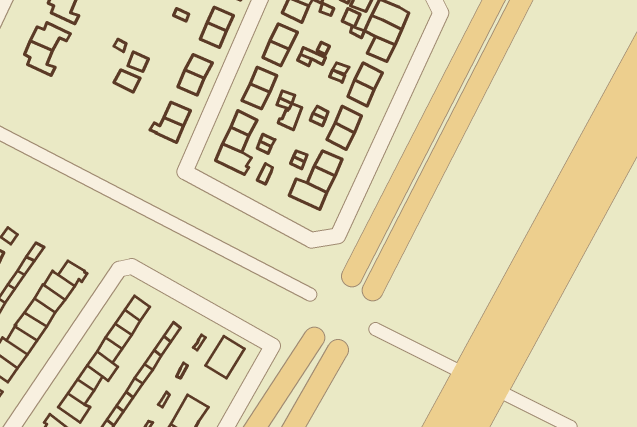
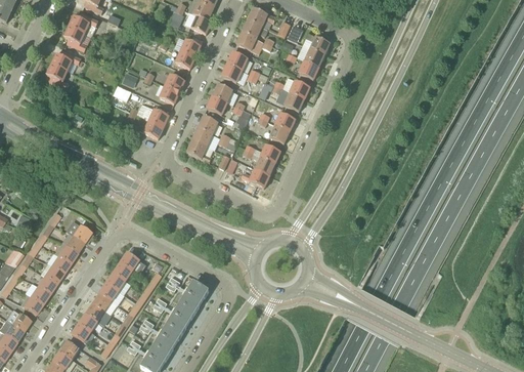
building: none -> [167,302,195,333]

